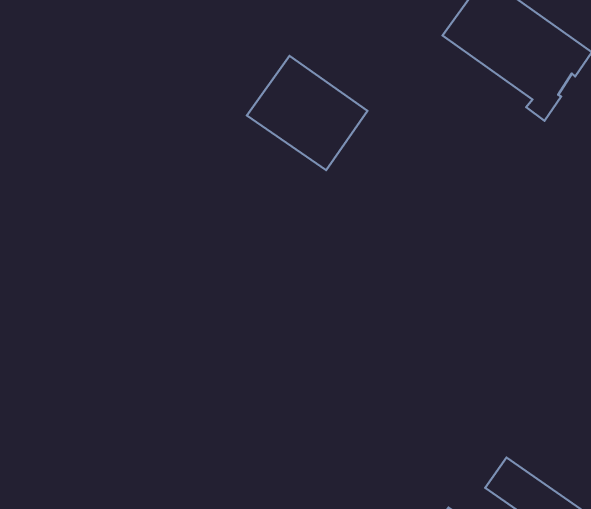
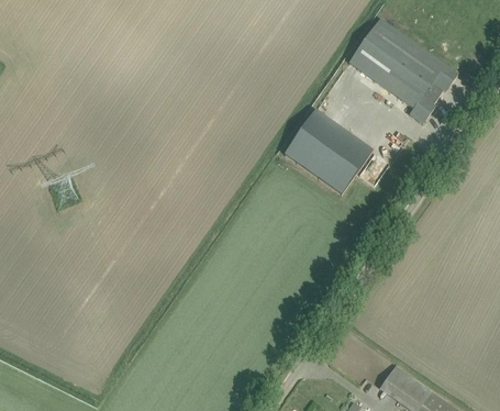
building: [247,56,367,170] -> [285,111,371,193]

